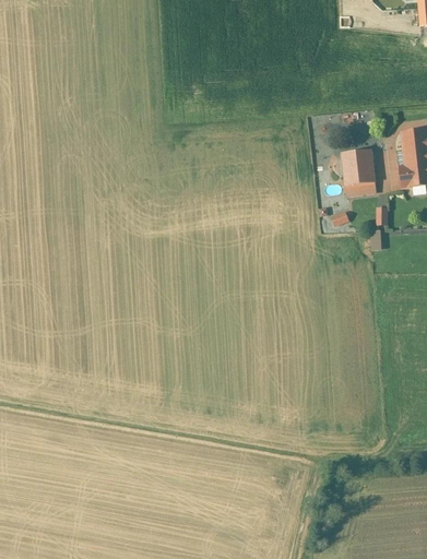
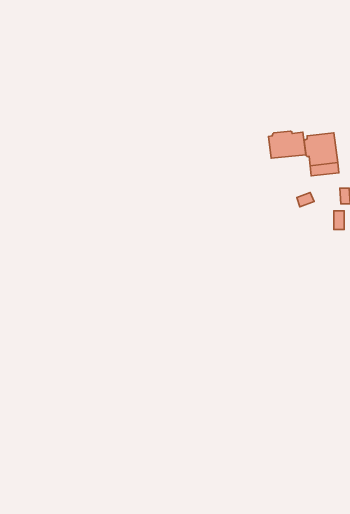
building: none -> [269,131,306,158]

